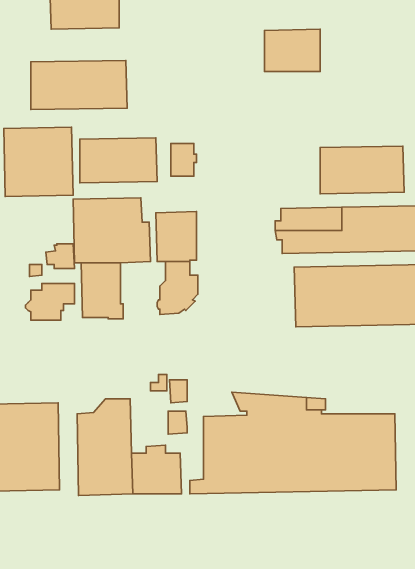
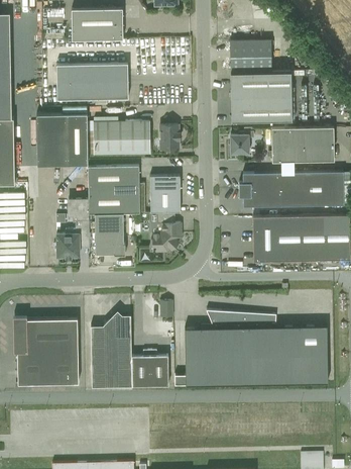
building: none -> [230,72,291,121]
building: none -> [228,132,253,156]

